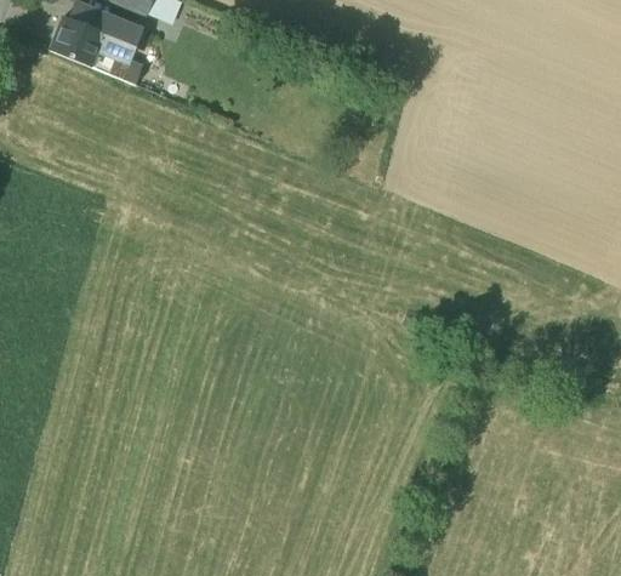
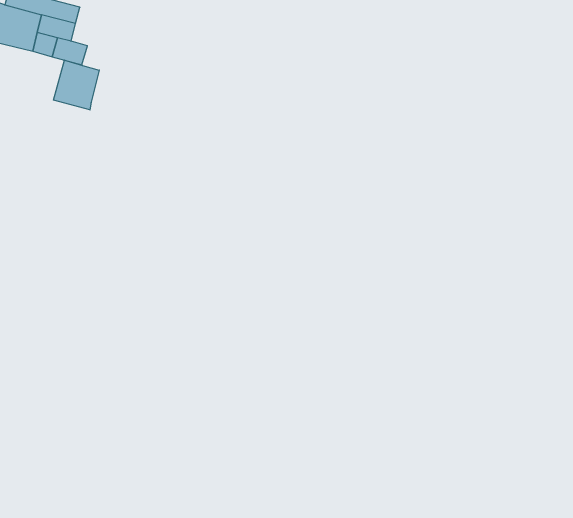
building: none -> [53,60,99,110]

